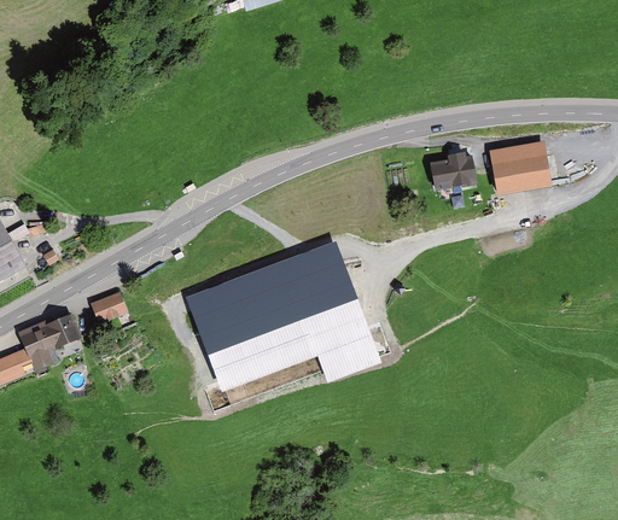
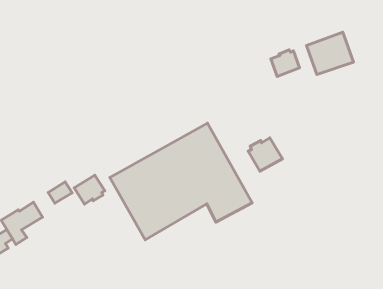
building: none -> [248,138,282,171]
building: none -> [74,175,105,204]

